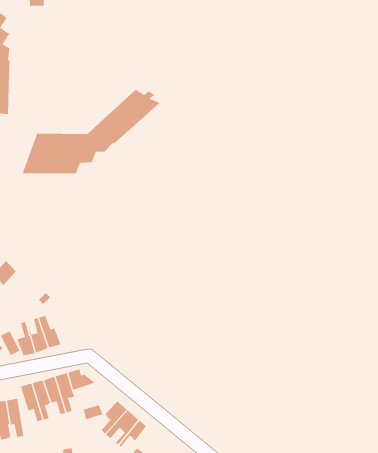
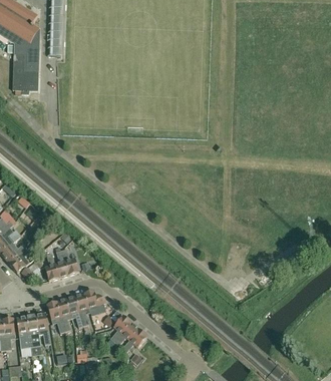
building: [22,89,160,174] -> none

